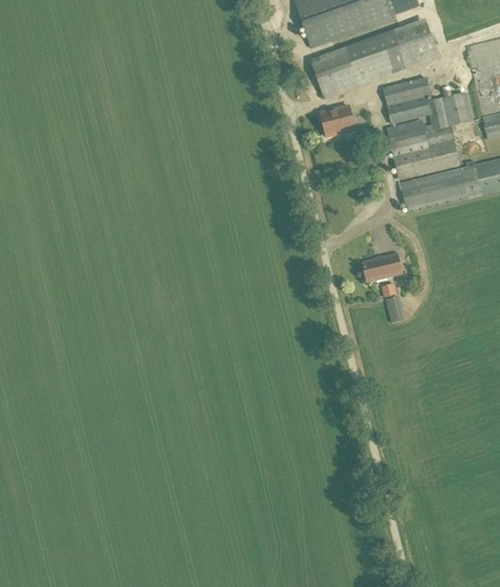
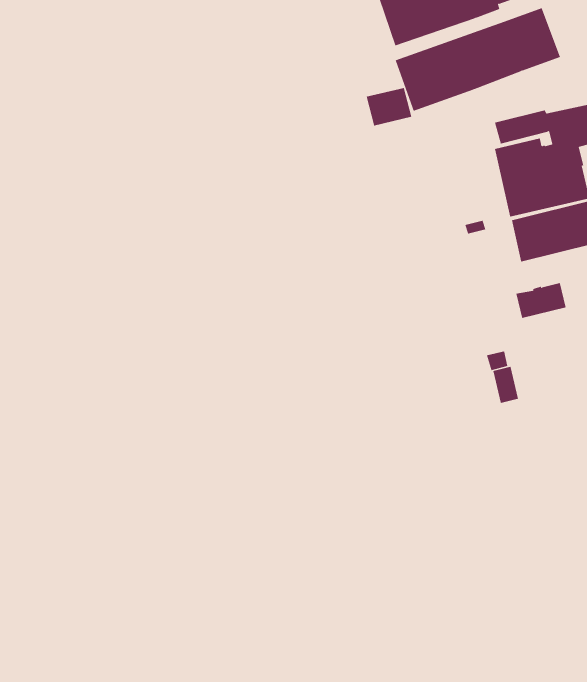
building: [381,74,431,104] -> none
building: [319,104,354,134] -> [366,87,412,126]
building: [362,252,401,279] -> [515,283,567,318]

